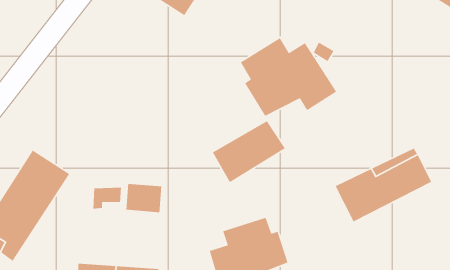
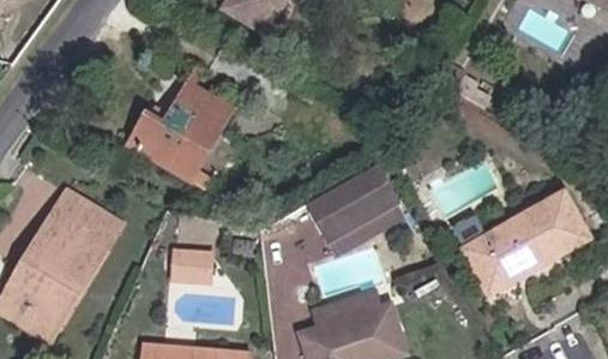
building: [240,37,337,117] -> none
building: none -> [131,84,231,179]

